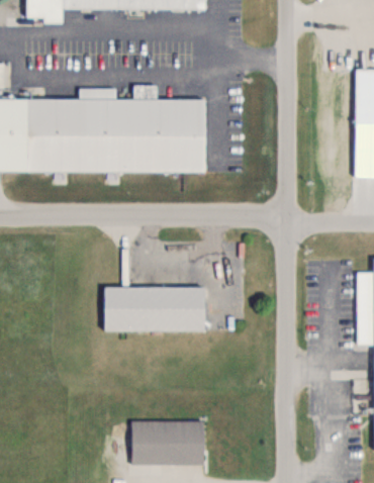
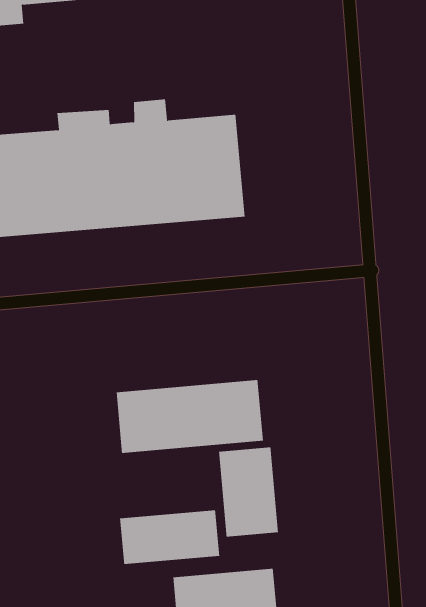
building: none -> [219,447,279,538]
building: none -> [120,509,220,565]

